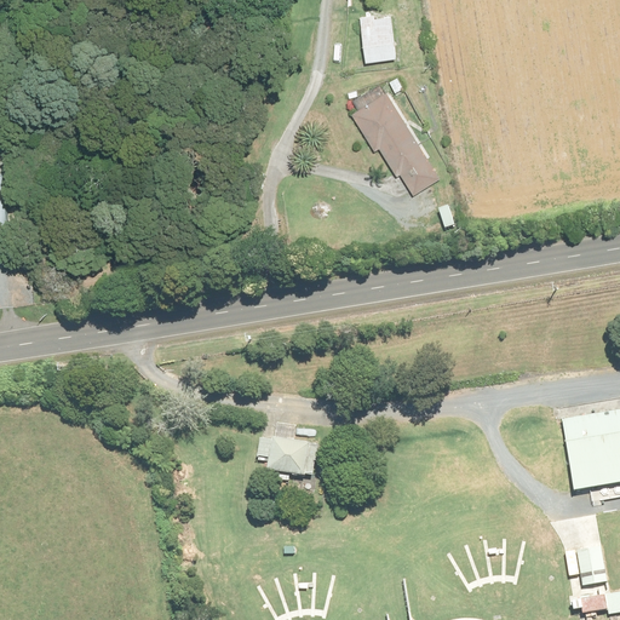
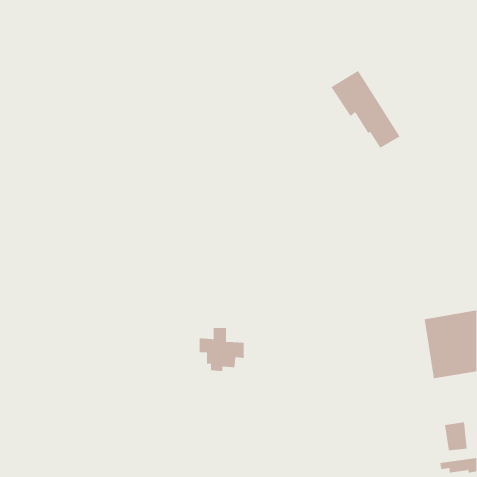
building: [361,13,397,63] -> none
building: [349,92,440,194] -> [331,70,401,149]

